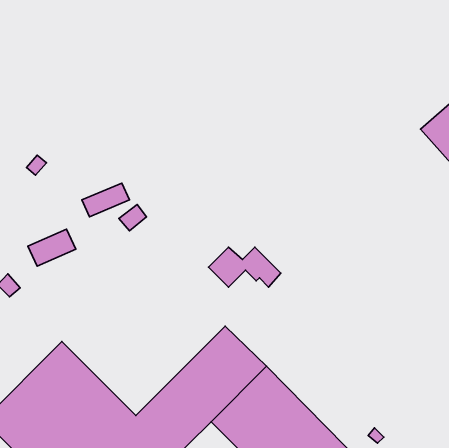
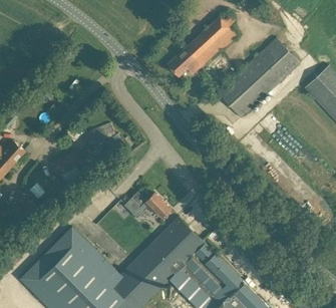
building: none -> [167,13,238,76]
building: none -> [218,37,300,117]
building: [209,247,281,287] -> [124,192,172,218]

